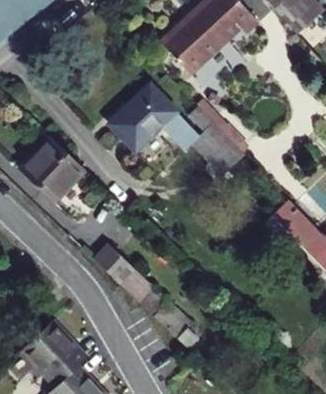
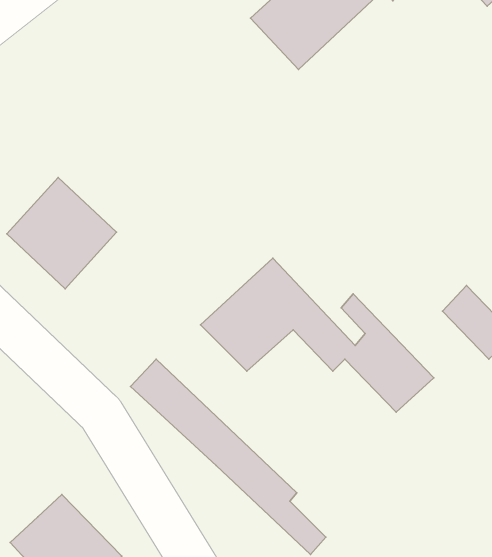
building: [108,84,244,174] -> [201,258,434,412]

